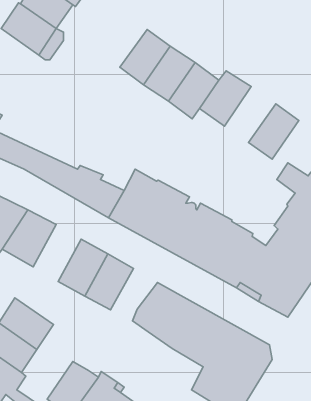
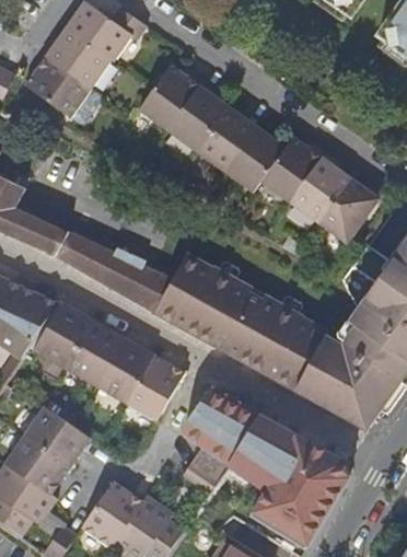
building: none -> [138,66,199,131]
building: none -> [291,154,352,221]
building: none -> [63,318,120,386]
building: none -> [183,446,229,492]

